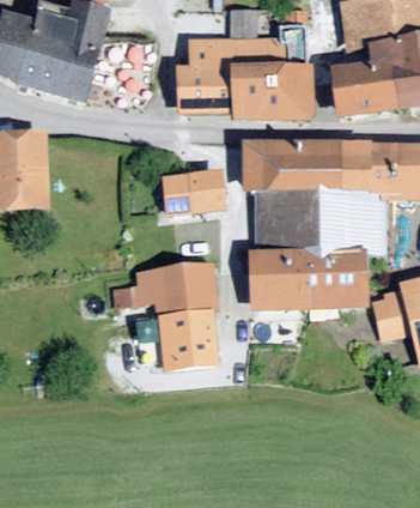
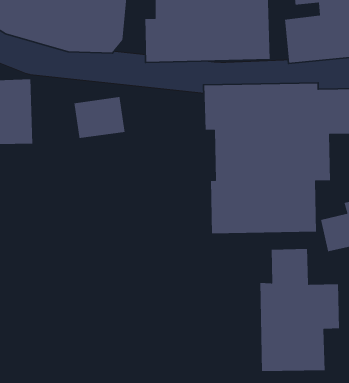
building: [168,169,226,217] -> [74,96,125,139]
building: [111,262,220,371] -> none
building: none -> [259,248,340,372]

